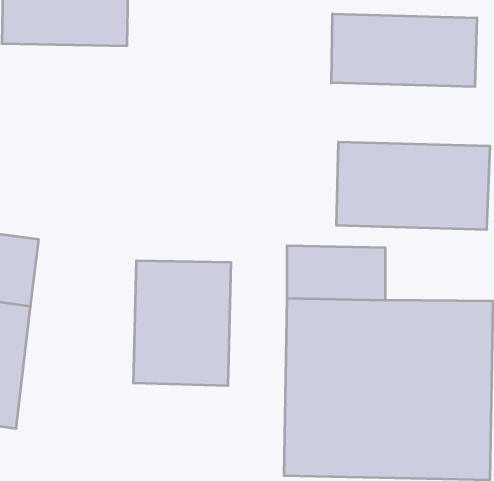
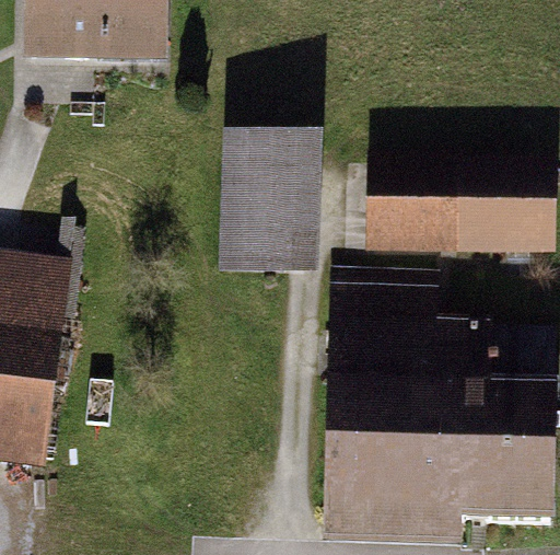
building: [331,14,477,87] -> none
building: none -> [228,141,322,275]
building: [133,261,231,386] -> none

